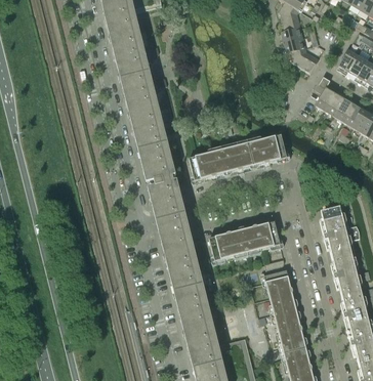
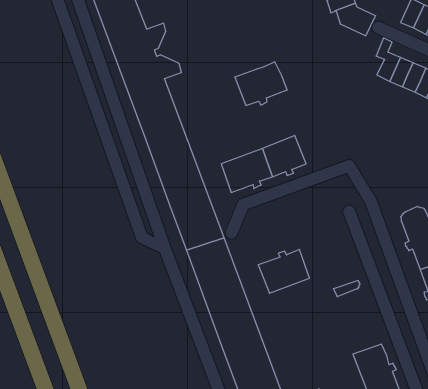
building: [247,134,286,166] -> [235,62,287,105]
building: [241,221,280,252] -> none
building: [263,269,295,313] -> none

